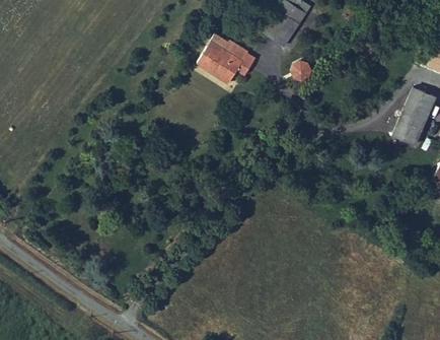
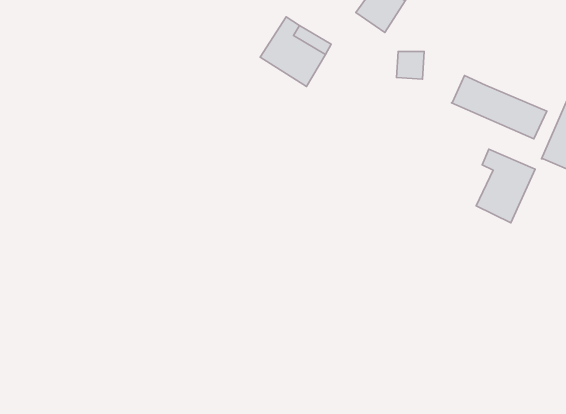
building: none -> [451,75,547,139]
building: none -> [476,149,535,223]

